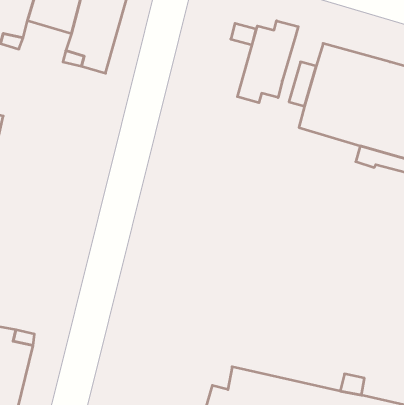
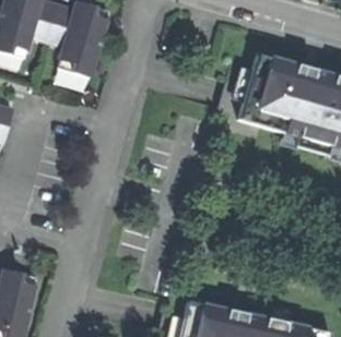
building: [237,21,298,103] -> none

